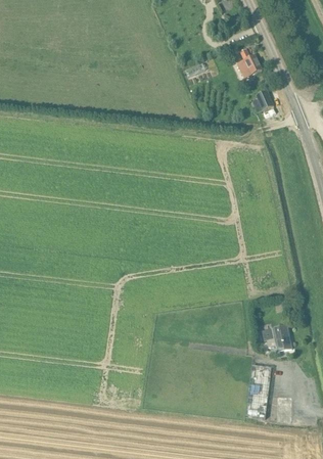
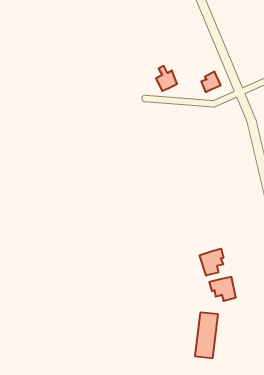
building: [235,48,260,77] -> [156,66,177,91]
building: none -> [200,249,223,276]

